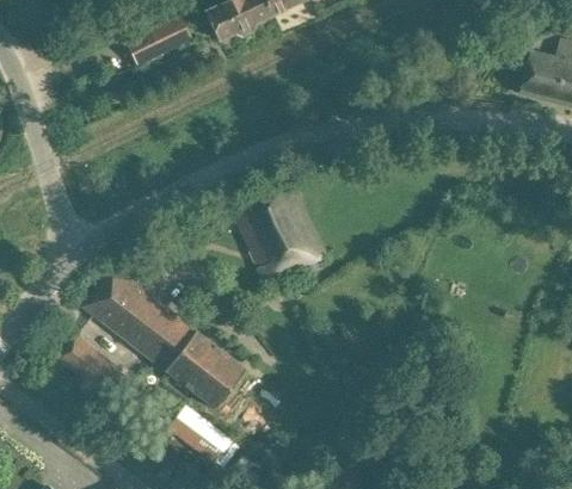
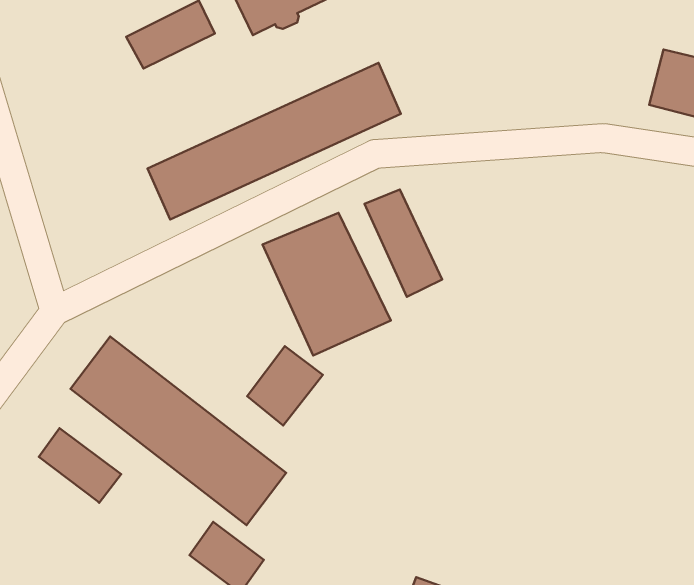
building: none -> [148,63,401,220]
building: none -> [364,189,442,297]
building: none -> [247,346,323,426]

